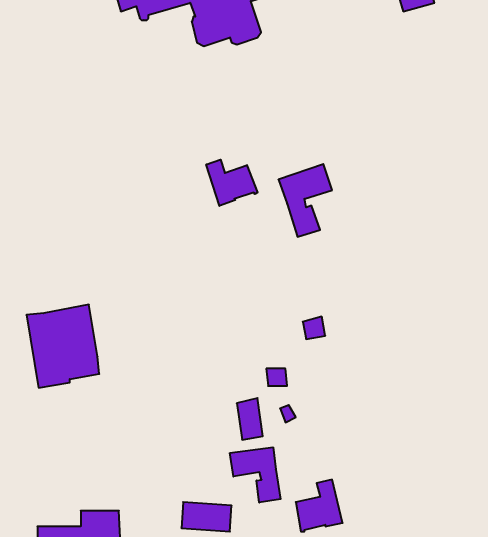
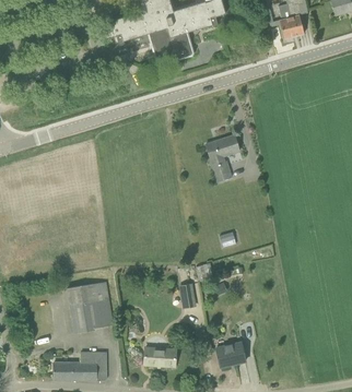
building: [206,160,258,206] -> none
building: [26,305,99,388] -> [67,281,113,333]
building: [230,447,281,503] -> none

